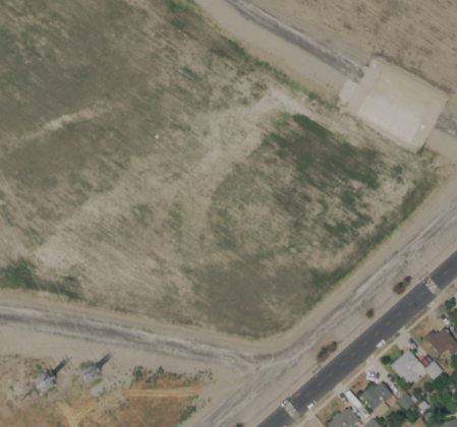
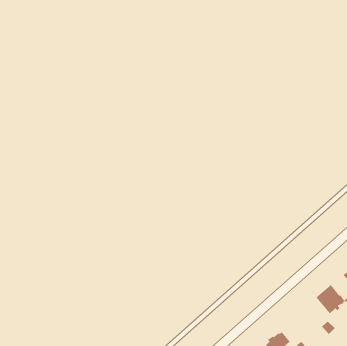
building: [360,382,393,417] -> none

